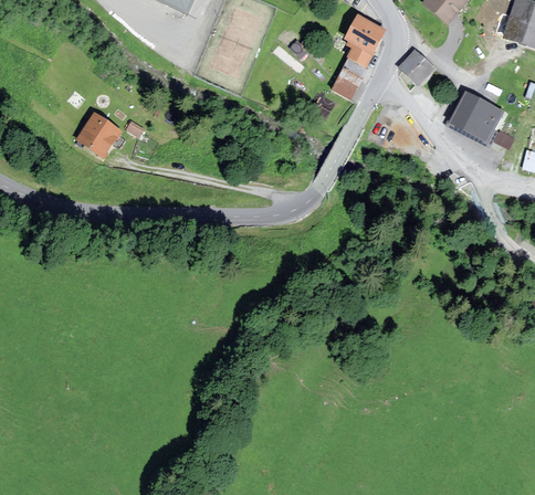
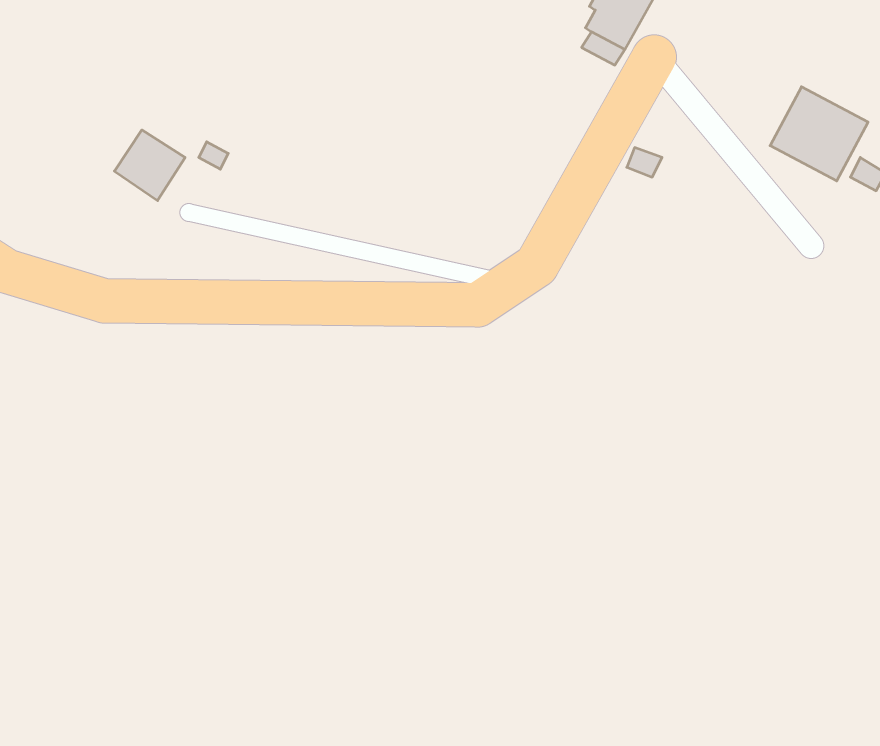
building: [398,50,436,86] -> none
building: [331,67,361,99] -> none

